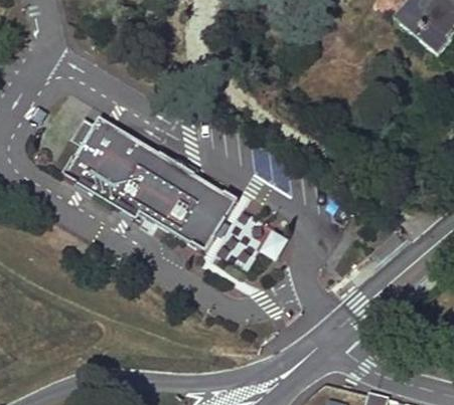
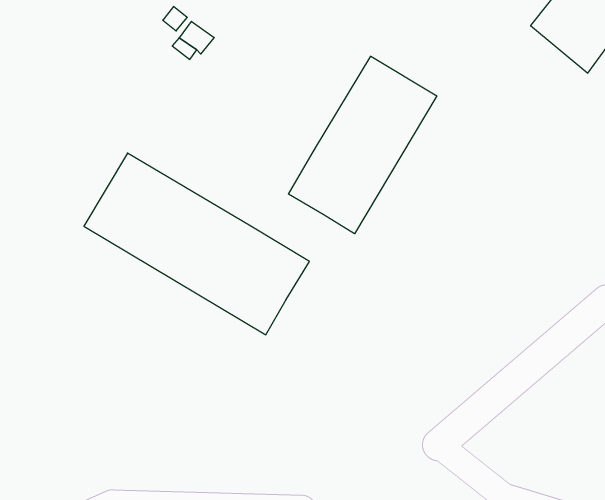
building: none -> [288,56,437,234]

